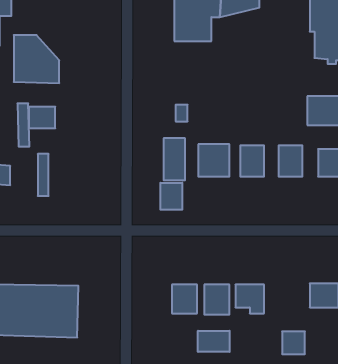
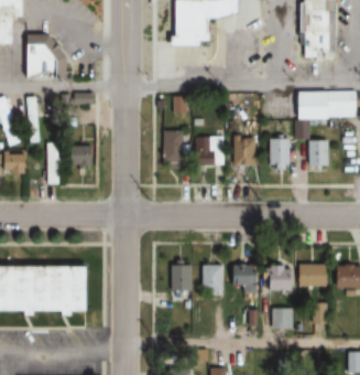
building: [29,107,55,128] -> [68,144,92,164]
building: [160,183,182,210] -> none
building: none -> [265,265,290,291]
building: [198,331,230,352] -> none

